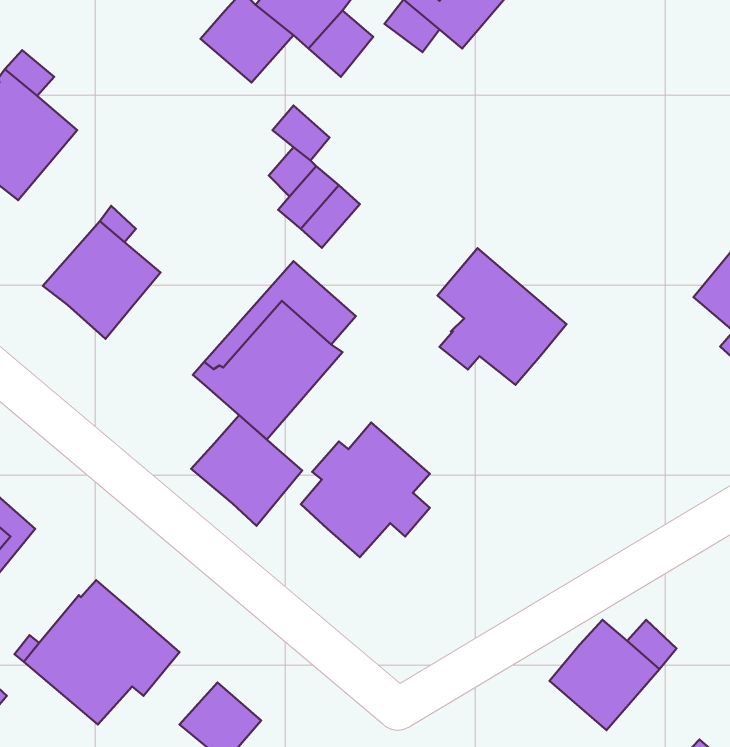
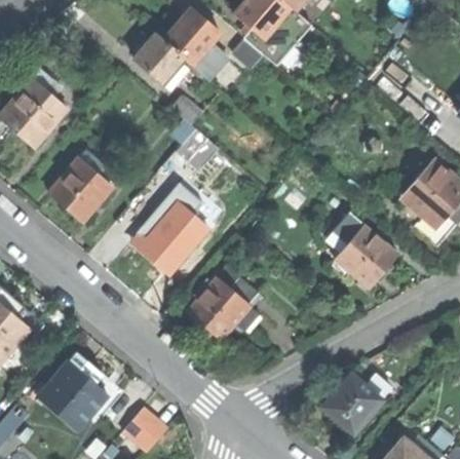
building: [438,248,567,385] -> [328,214,397,288]
building: [191,415,302,526] -> none

